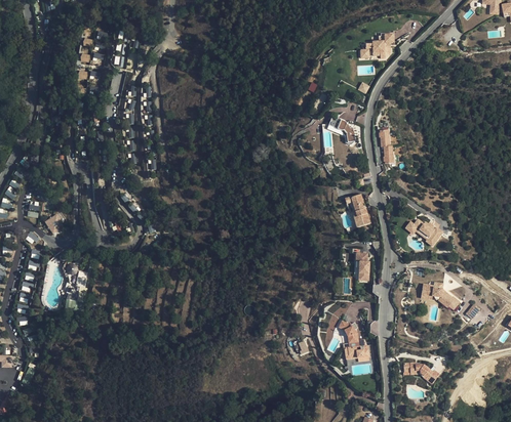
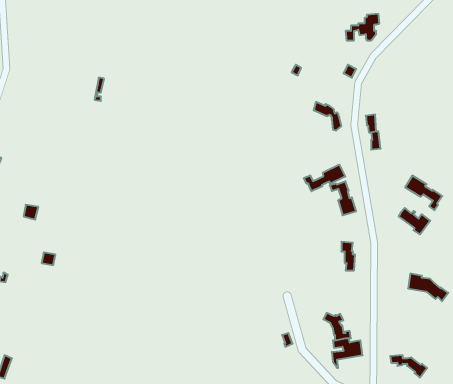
building: none -> [304,165,345,191]
building: none -> [405,175,442,210]

